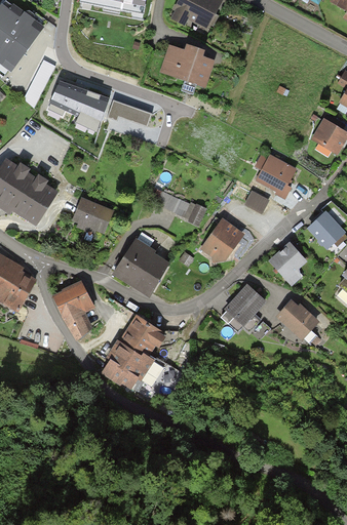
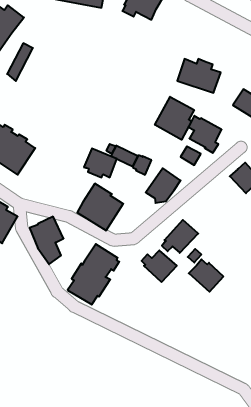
building: [159,44,215,87] -> [177,59,221,93]
building: [47,80,109,131] -> none
building: [107,98,151,125] -> none
building: none -> [155,97,194,140]
building: [71,197,113,234] -> [84,148,117,177]
building: [268,242,306,286] -> none
building: [274,299,318,340] -> [189,259,223,292]
building: none -> [142,250,177,282]

